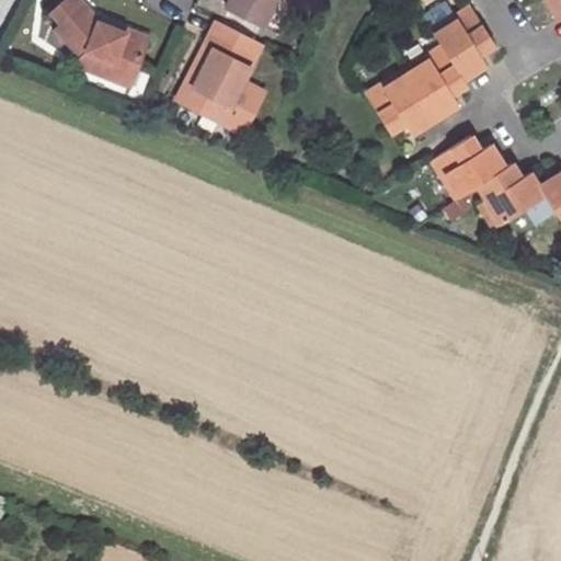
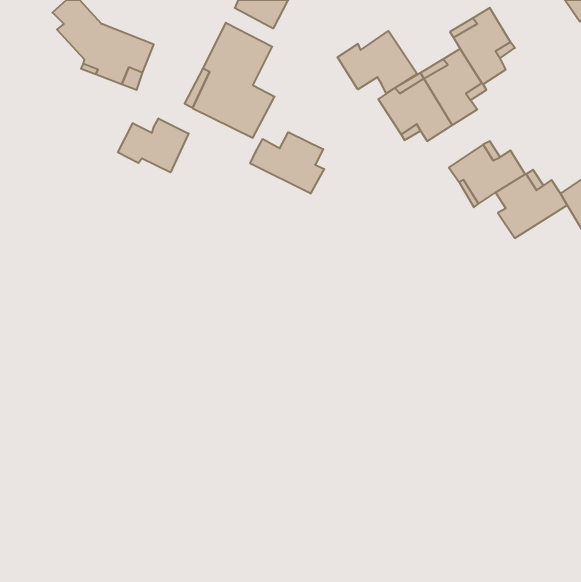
building: none -> [337,31,417,93]
building: none -> [118,118,189,172]
building: none -> [250,132,324,194]

